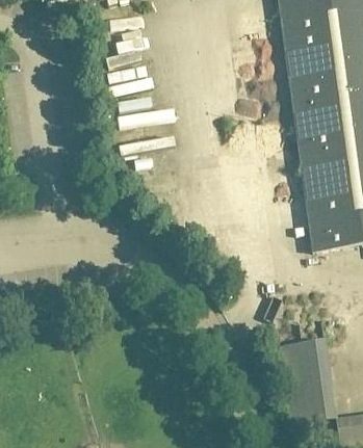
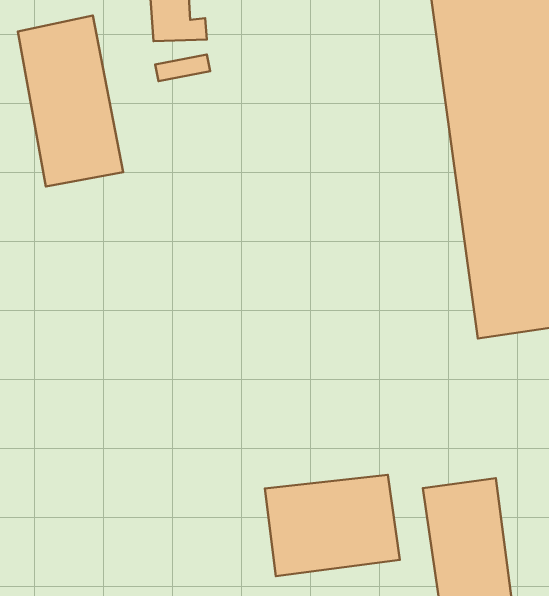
building: none -> [18,16,123,187]
building: none -> [265,475,400,576]

